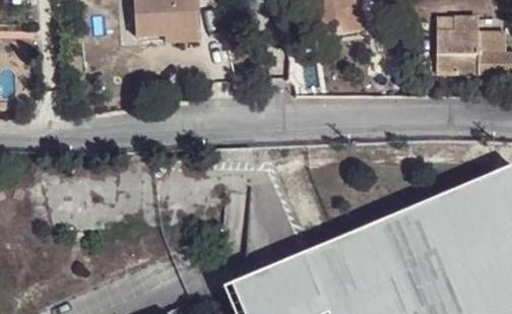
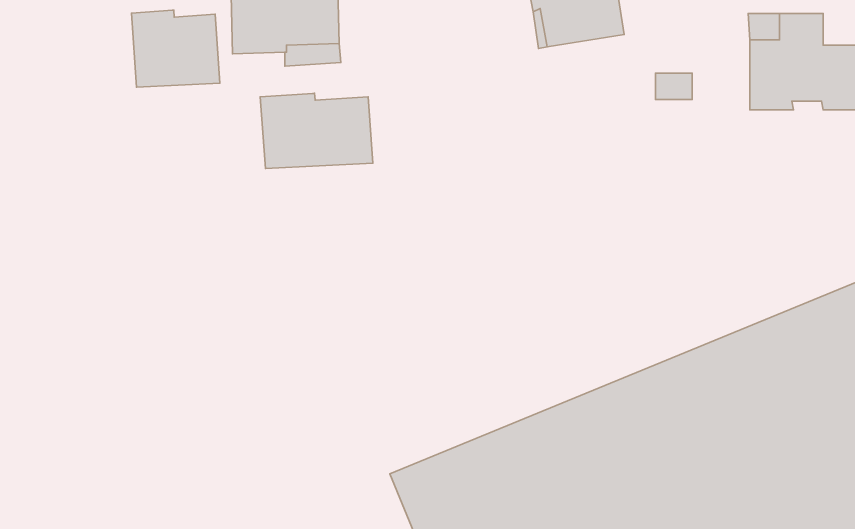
building: none -> [131,10,220,87]
building: none -> [260,93,373,169]

